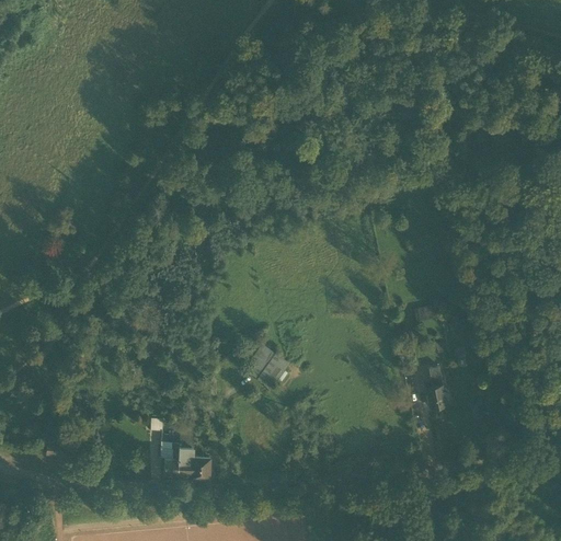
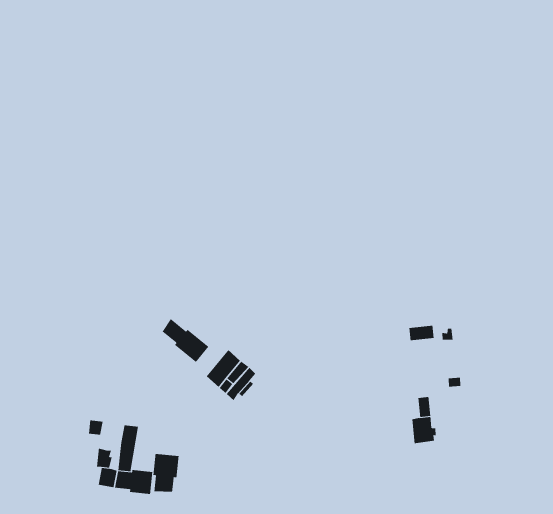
building: none -> [162,318,209,363]
building: none -> [153,453,179,493]

